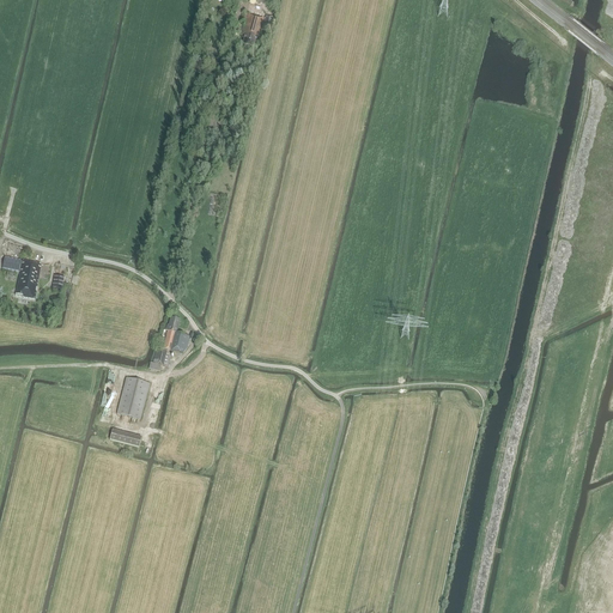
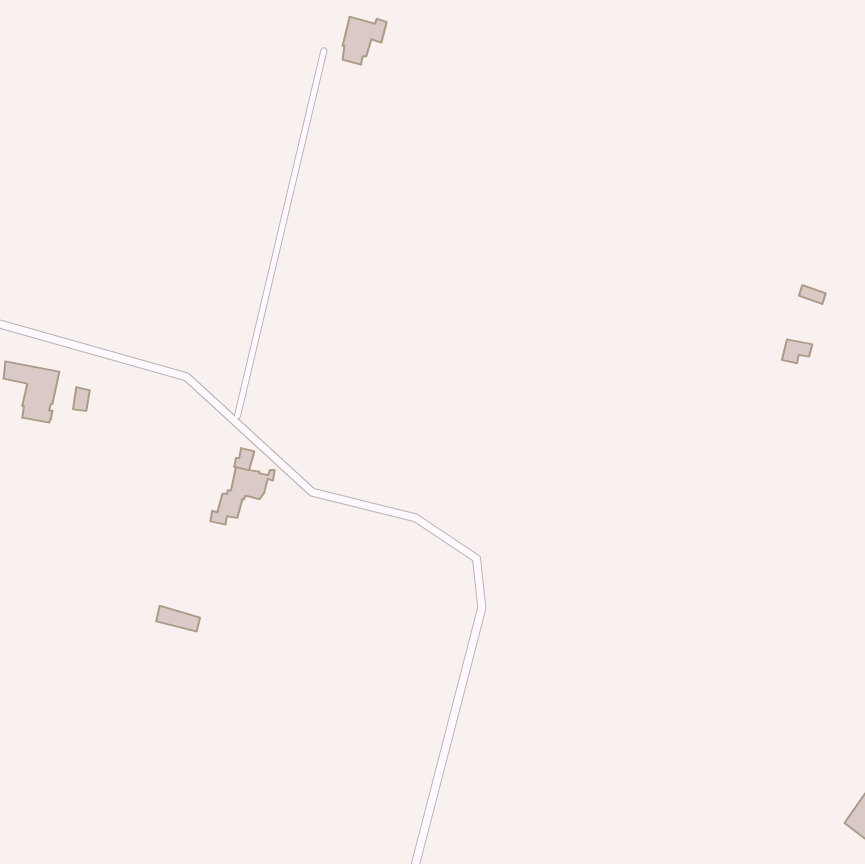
building: [117,376,151,418] -> none

